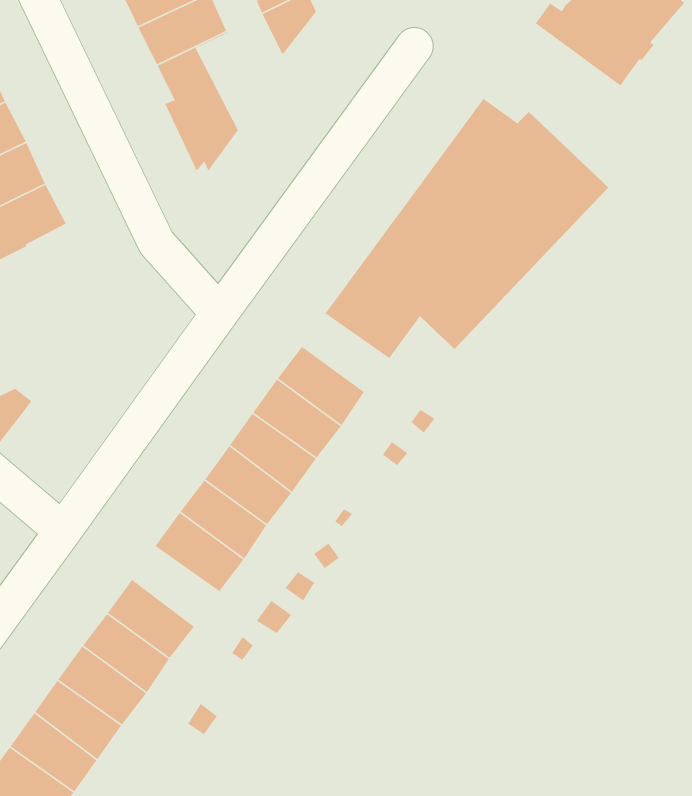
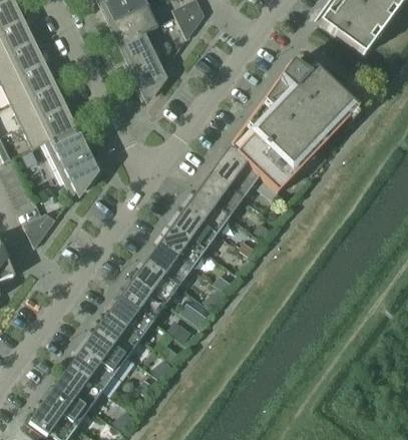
building: none -> [52,126,94,195]
building: none -> [196,173,243,214]
building: none -> [107,296,153,338]

